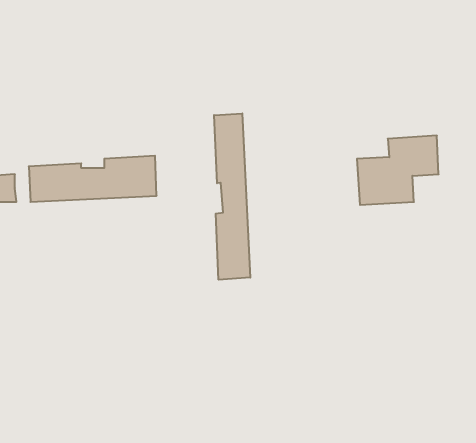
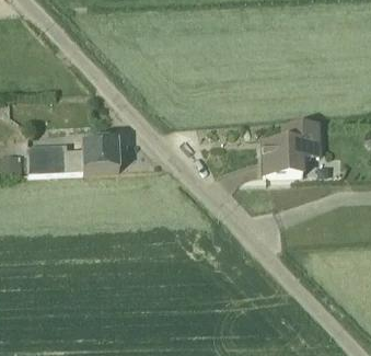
building: [214,113,250,280] -> none

